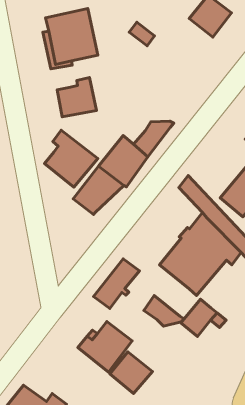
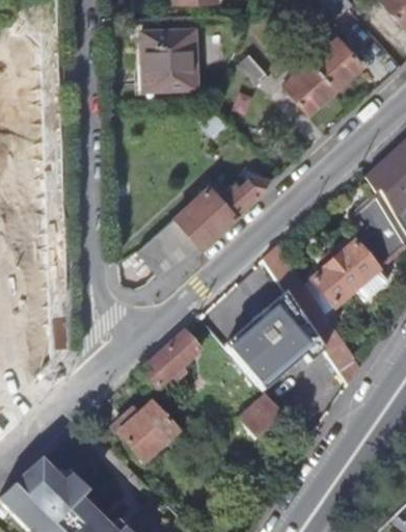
building: none -> [283,60,335,112]
building: [57,77,96,117] -> none
building: [45,130,98,187] -> none
building: [144,295,184,326] -> none
building: [110,352,152,394] -> none

